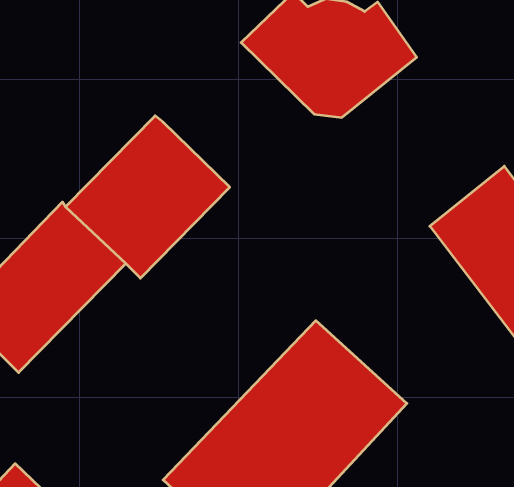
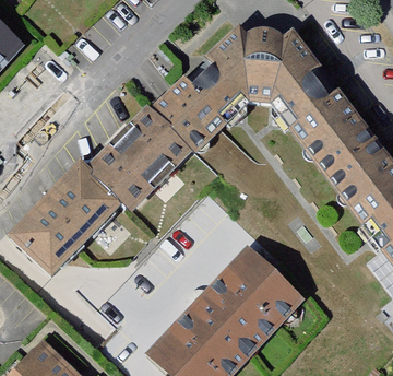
building: none -> [146,57,248,158]
building: none -> [266,67,376,180]

